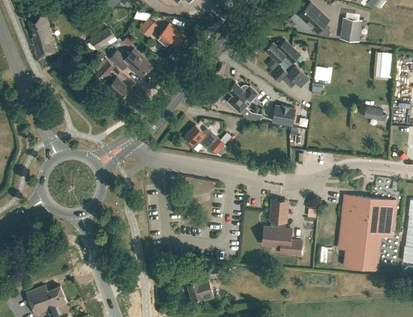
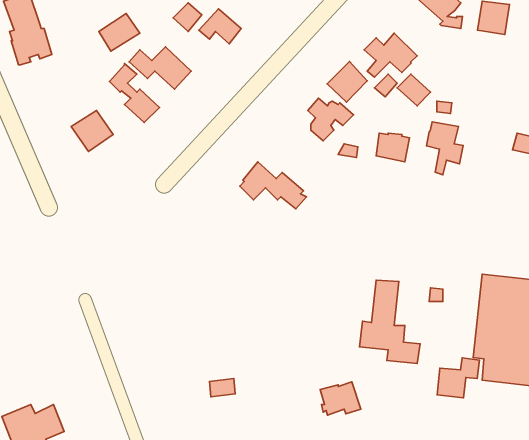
building: none -> [327,62,367,102]
building: none -> [71,110,113,152]
building: none -> [427,122,463,175]
building: none -> [437,358,479,398]
building: [187,278,214,300] -> [320,382,361,415]

